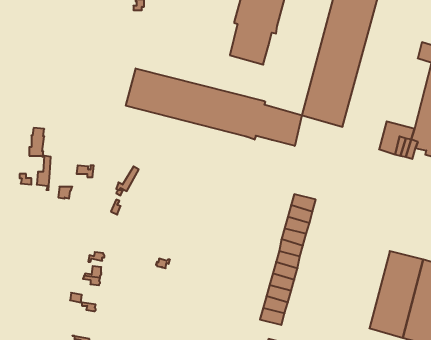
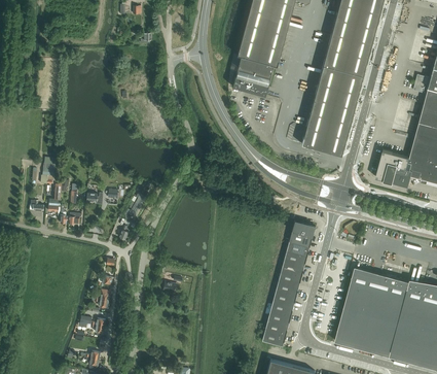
building: [126,68,302,146] -> none
building: none -> [335,267,387,349]

